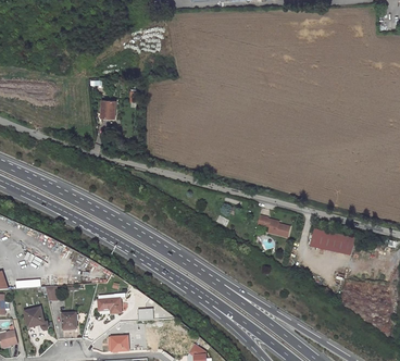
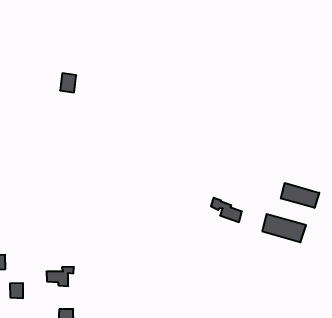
building: none -> [281,183,319,208]

